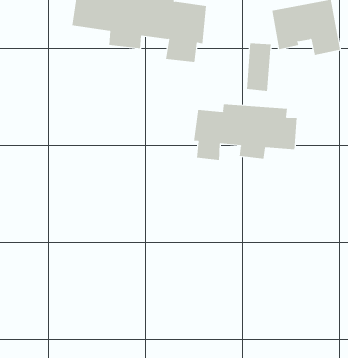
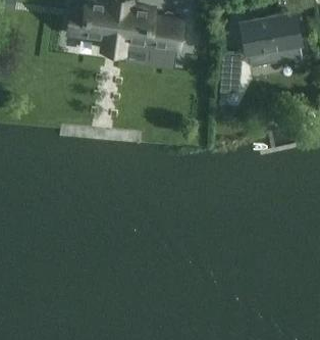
building: [194,104,297,161] -> none

